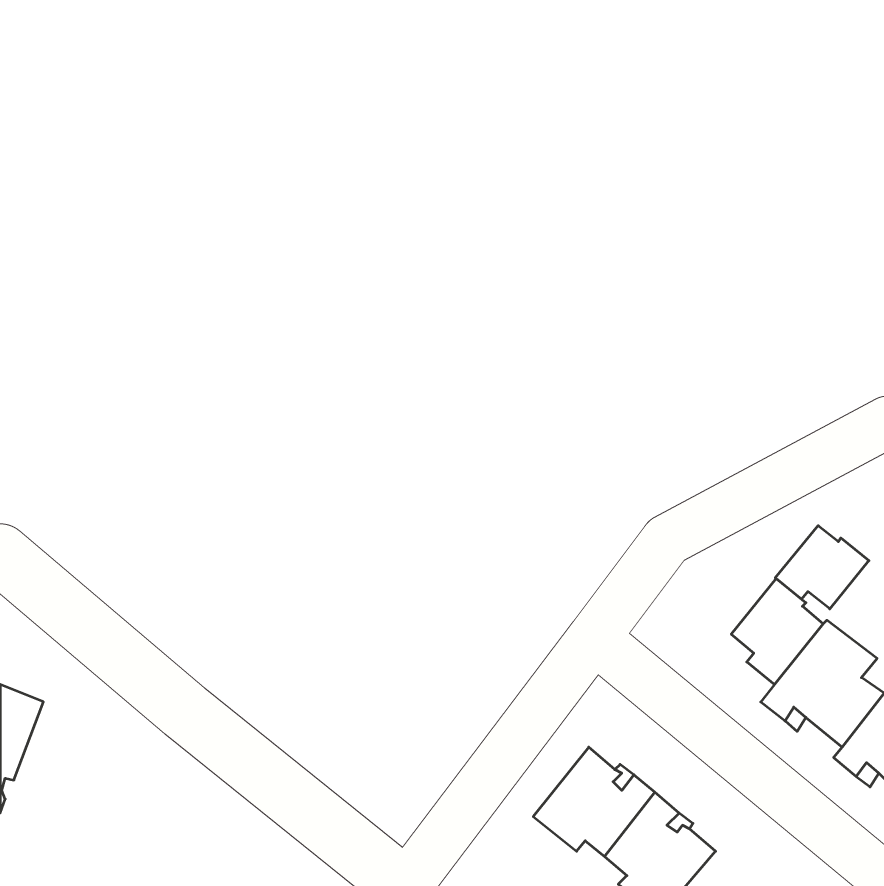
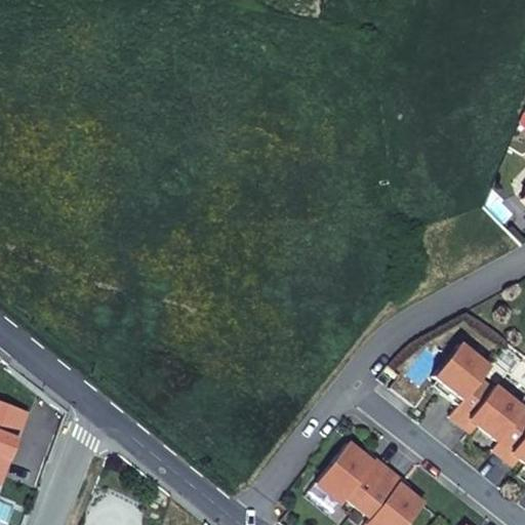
building: [775,526,869,609] -> none

